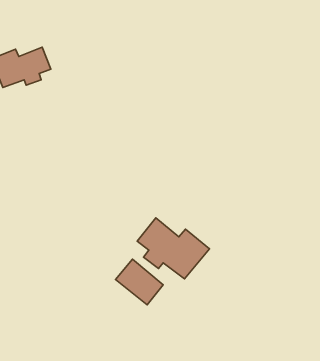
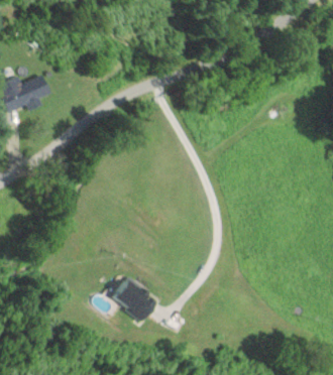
building: [137,218,210,279] -> none

